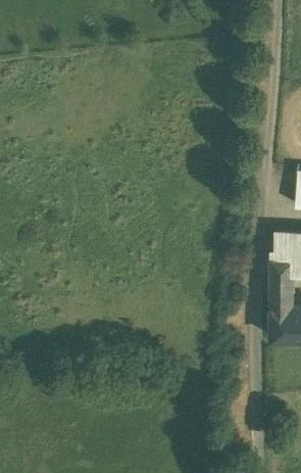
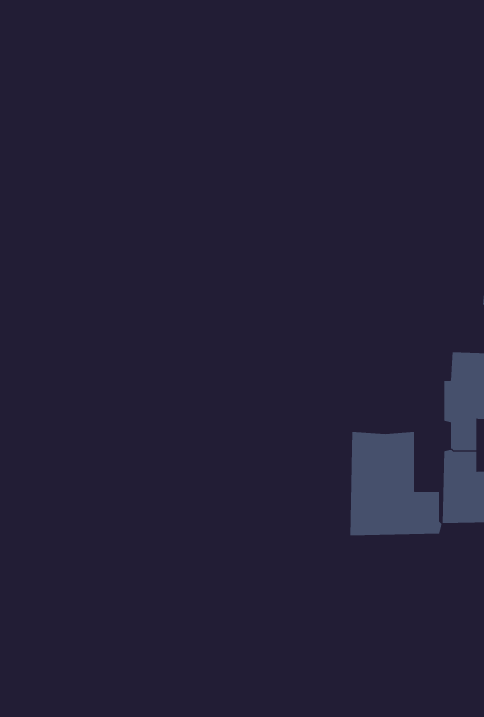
building: none -> [350,431,442,536]

